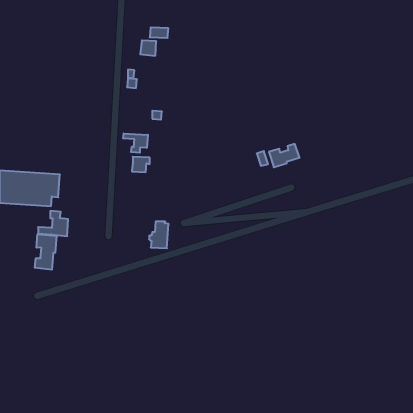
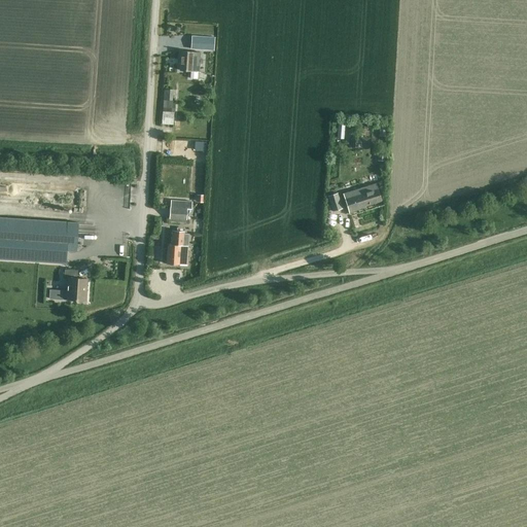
building: [123,133,148,153] -> none
building: [149,222,169,248] -> [163,231,187,265]
building: [35,234,57,270] -> none

